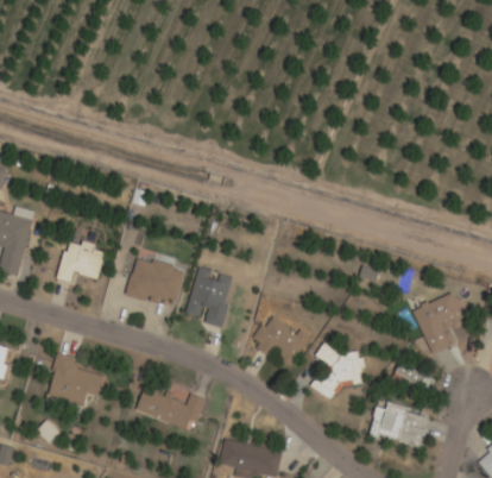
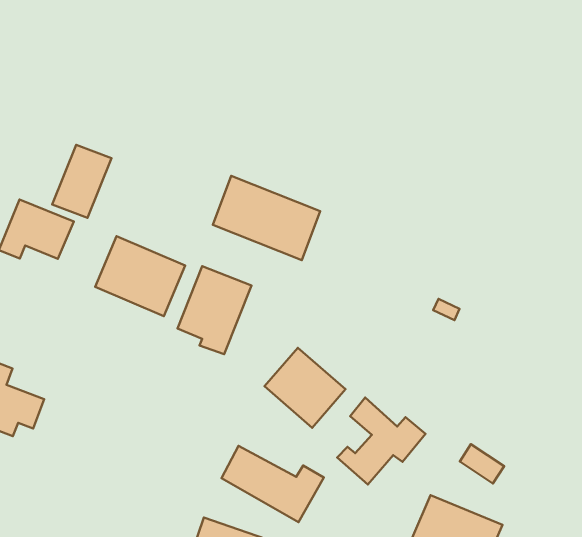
building: none -> [52,145,111,218]
building: none -> [213,176,320,260]
building: [414,294,463,353] -> none
building: [137,388,207,434] -> [222,446,324,522]

